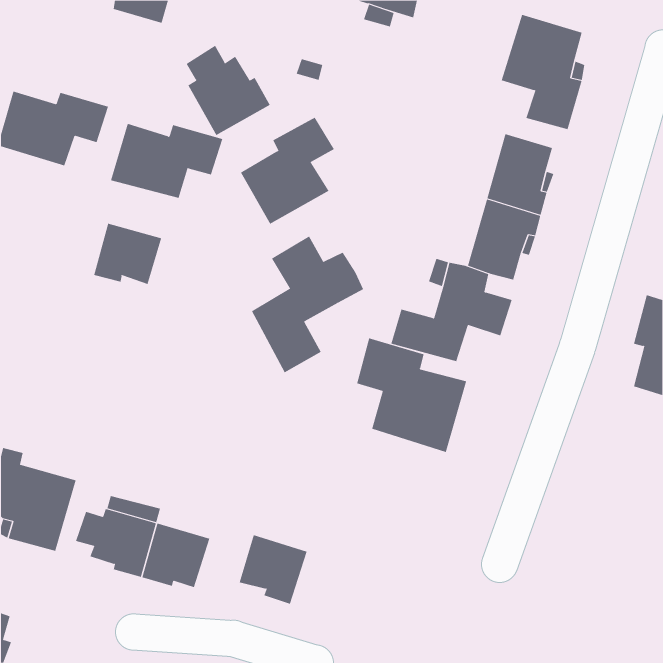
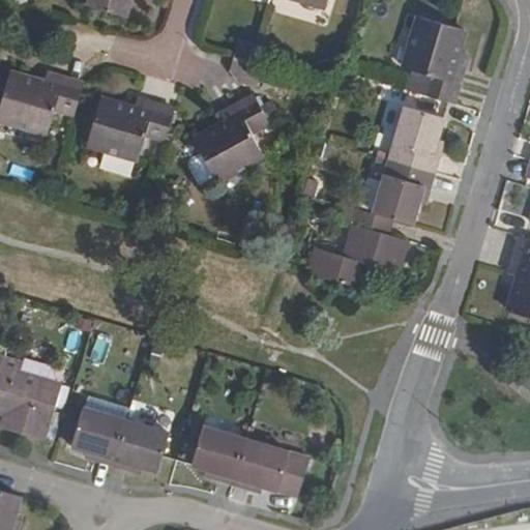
building: [186,45,270,136] -> none
building: [93,223,162,285] -> none
building: [251,236,364,373] -> none
building: [357,337,467,453] -> none
building: none -> [232,440,299,493]

